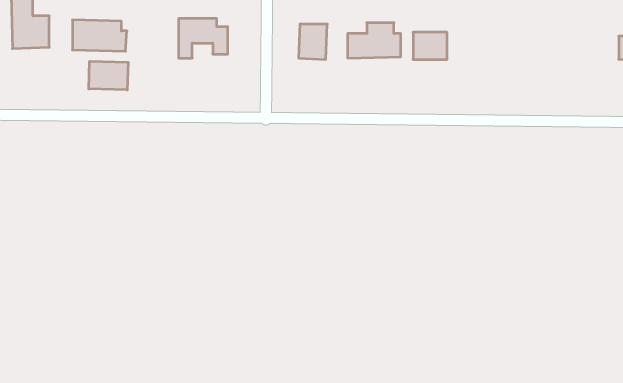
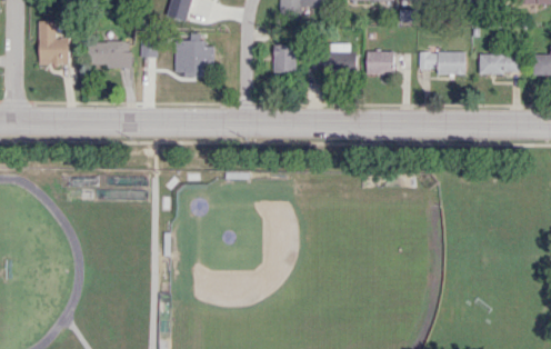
building: none -> [419,52,464,74]
building: none -> [479,53,519,73]
building: [89,61,128,90] -> none

